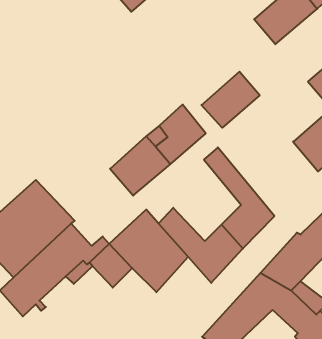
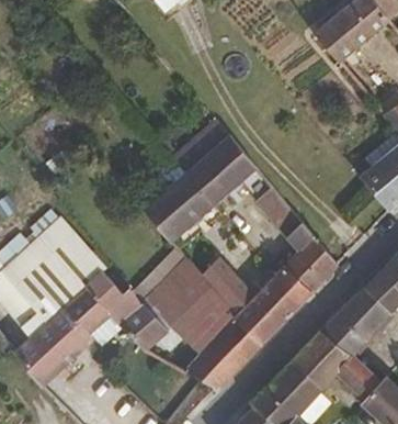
building: [201,72,260,128] -> none
building: none -> [184,313,263,391]

